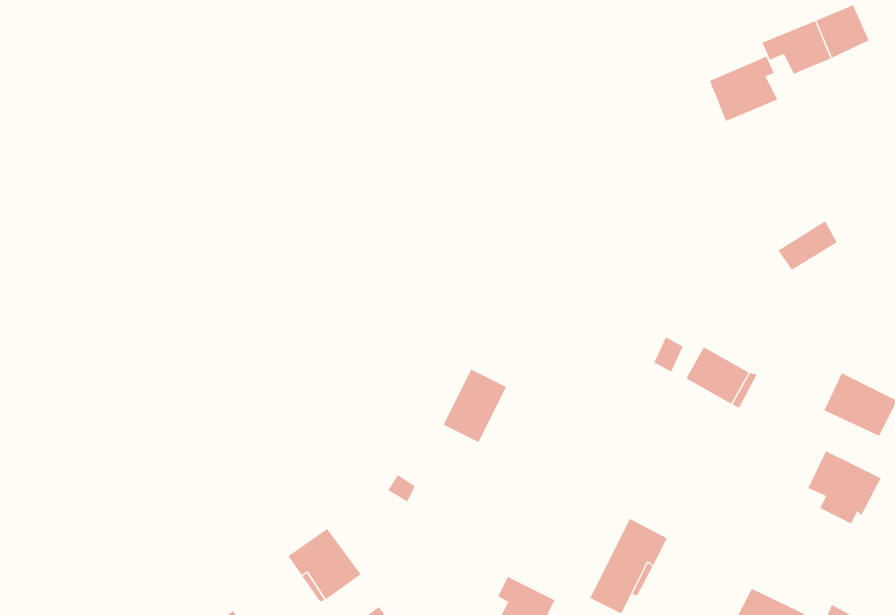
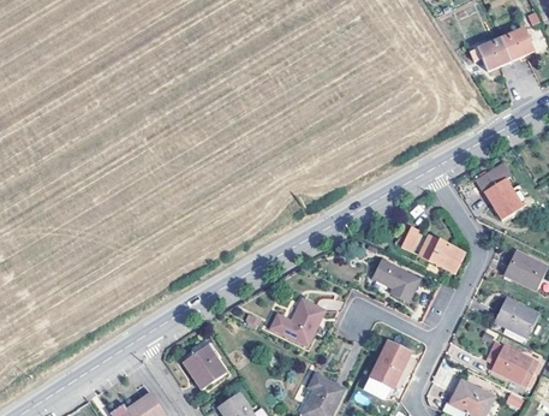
building: [709,56,778,122] -> none
building: none -> [485,176,531,218]
building: [443,369,507,443] -> [286,298,324,343]
building: none -> [374,258,420,299]
building: none -> [487,340,538,385]

